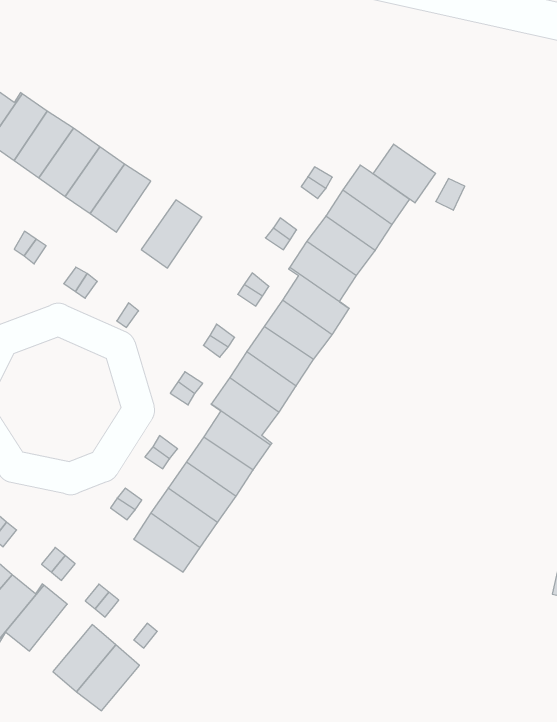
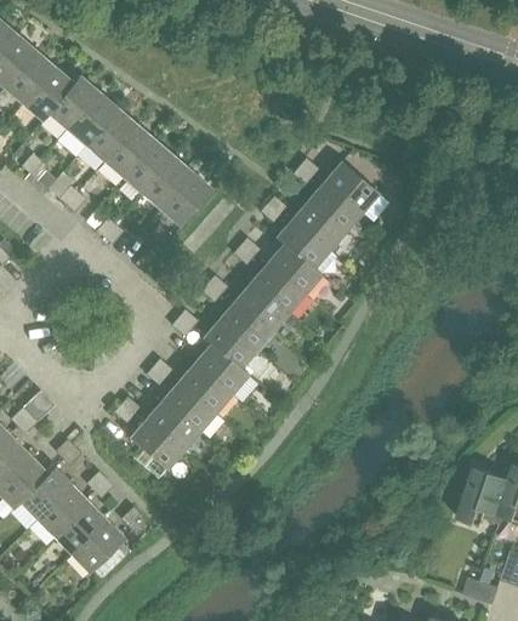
building: [373,144,436,203] -> none
building: none -> [142,156,192,210]
building: none -> [38,485,90,537]

